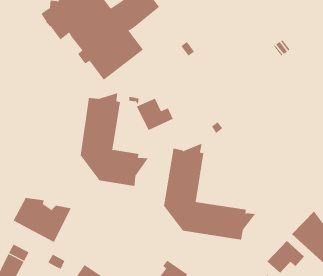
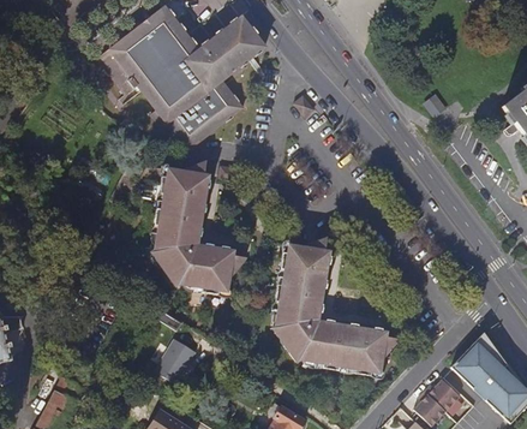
building: [136,98,174,131] -> none
building: [13,197,72,243] -> none
building: none -> [157,334,199,380]

